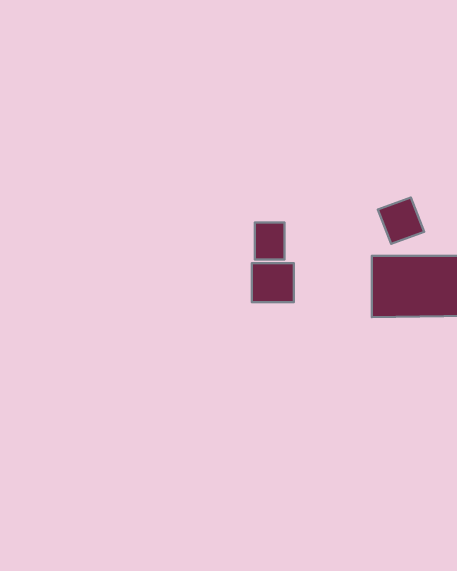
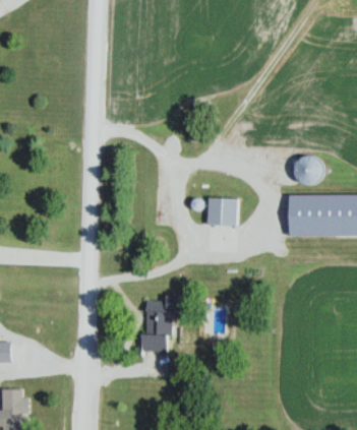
building: [255,222,284,260] -> none
building: none -> [143,298,181,352]

